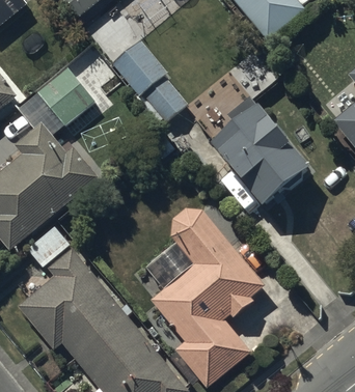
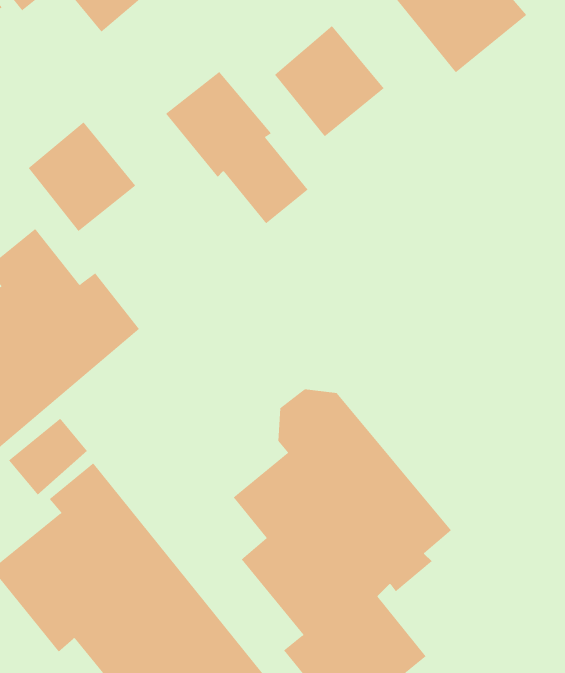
building: none -> [274,25,385,137]
building: [212,97,312,209] -> none

